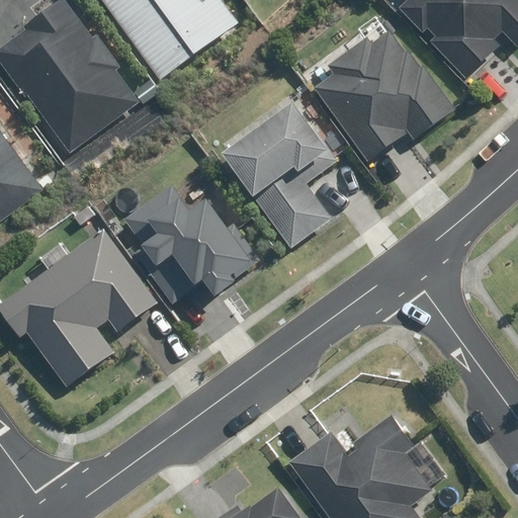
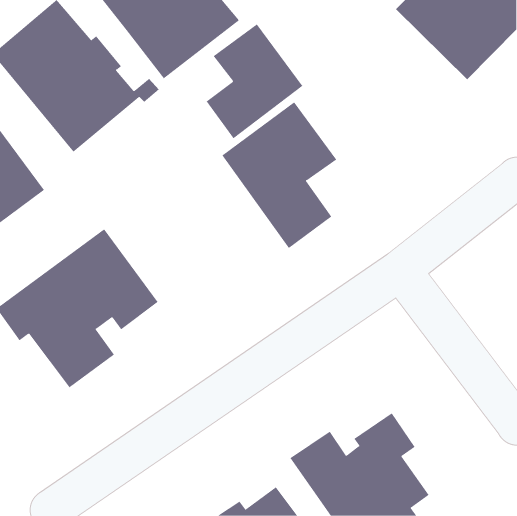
building: [312,23,453,163] -> none
building: none -> [206,23,303,139]
building: [125,181,260,300] -> none

